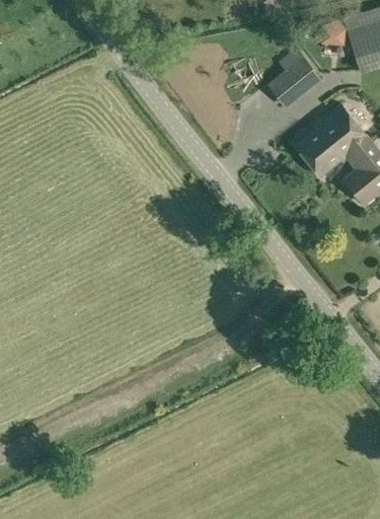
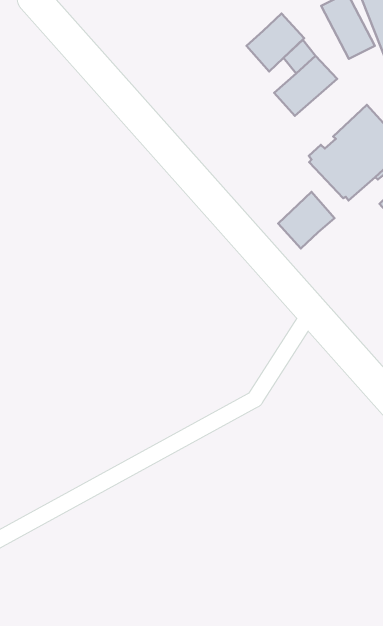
building: none -> [246,14,304,72]
building: none -> [278,192,334,248]

